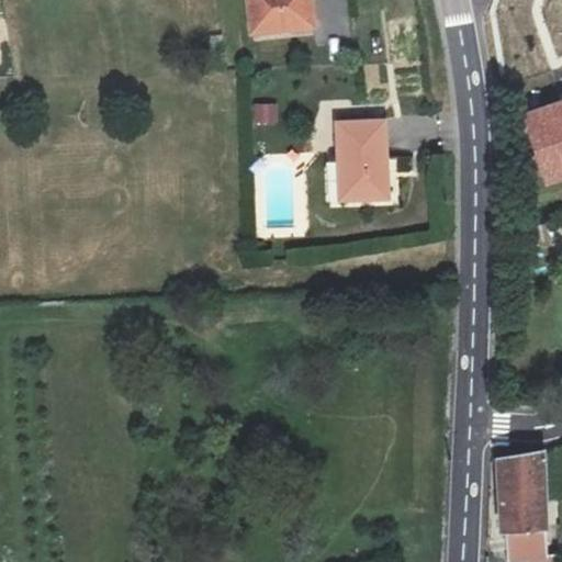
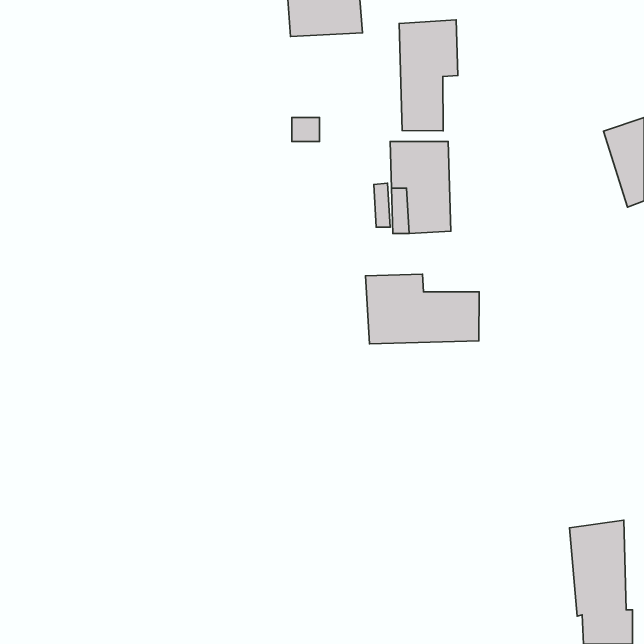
building: none -> [399,20,458,131]
building: none -> [365,274,479,344]

